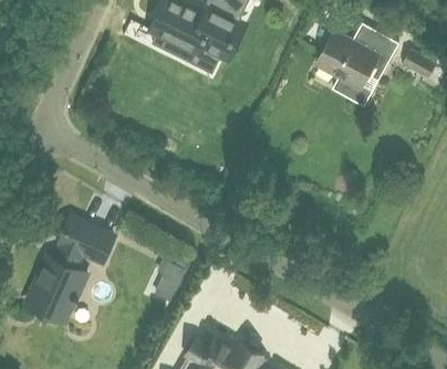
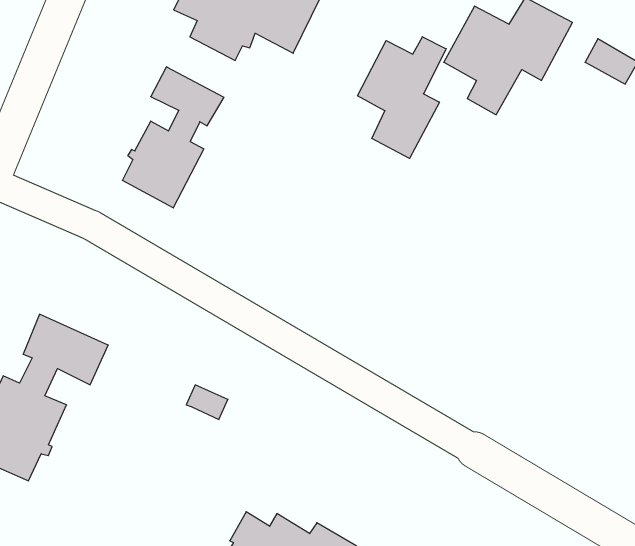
building: none -> [358,37,446,158]
building: none -> [122,67,224,208]

